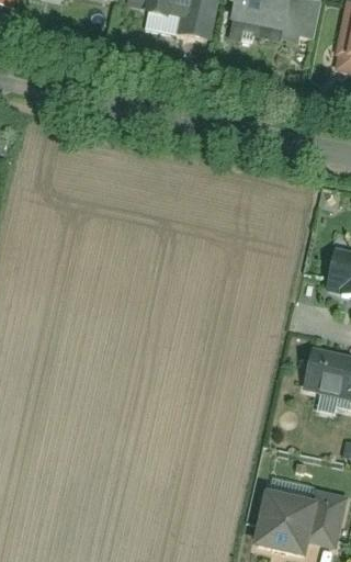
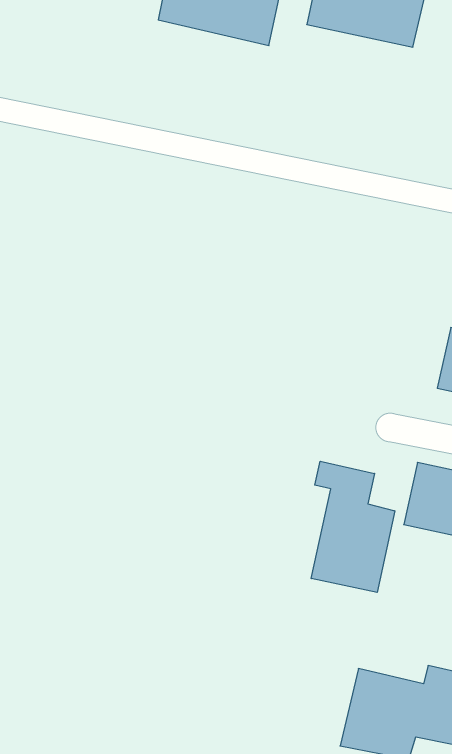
building: none -> [311,461,395,592]

